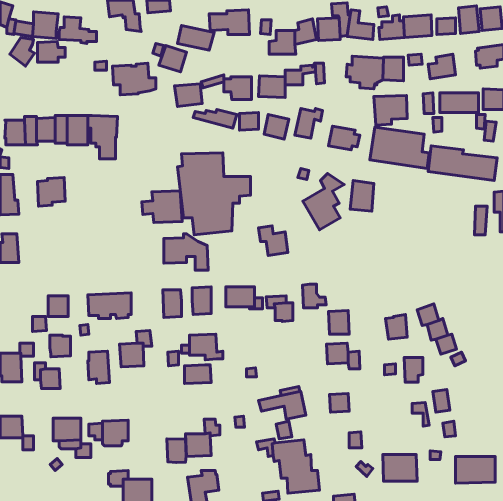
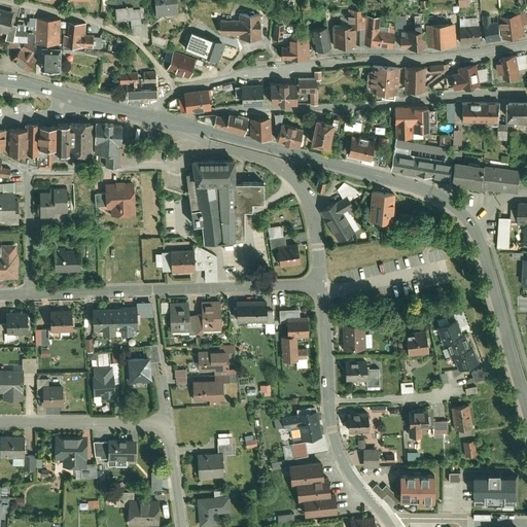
building: [142,191,182,222] -> [95,183,137,216]
building: none -> [56,251,81,275]
building: [303,284,326,308] -> [281,338,306,362]
building: [50,335,70,357] -> [7,314,29,337]
building: [404,358,423,382] -> [406,413,425,438]
building: [167,439,186,463] -> none

